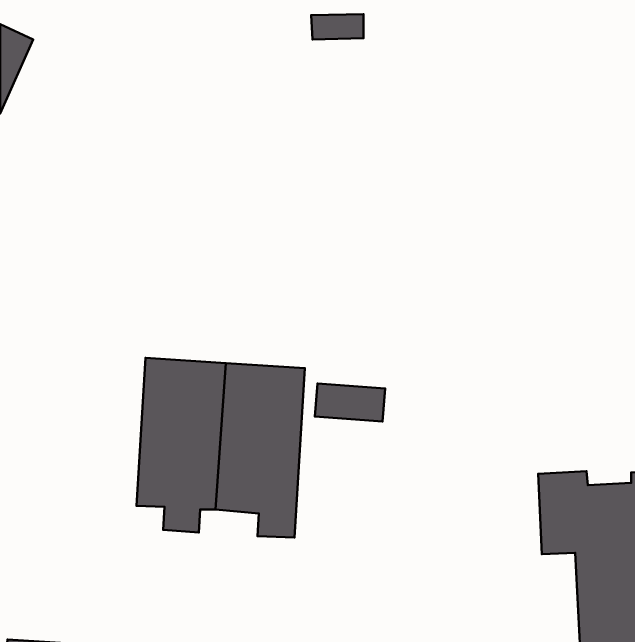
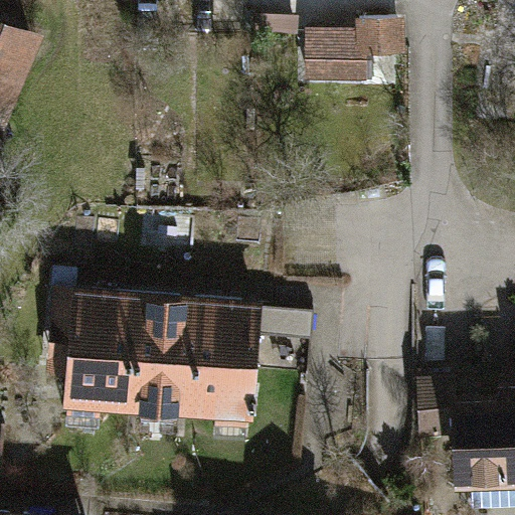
building: none -> [306,18,407,87]
building: none -> [57,286,128,422]

